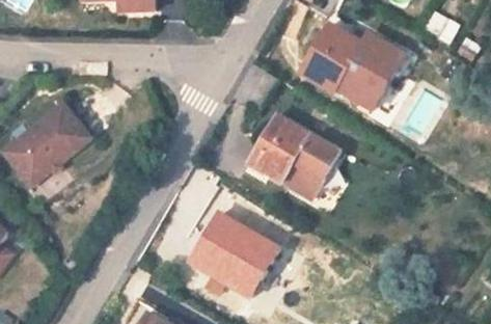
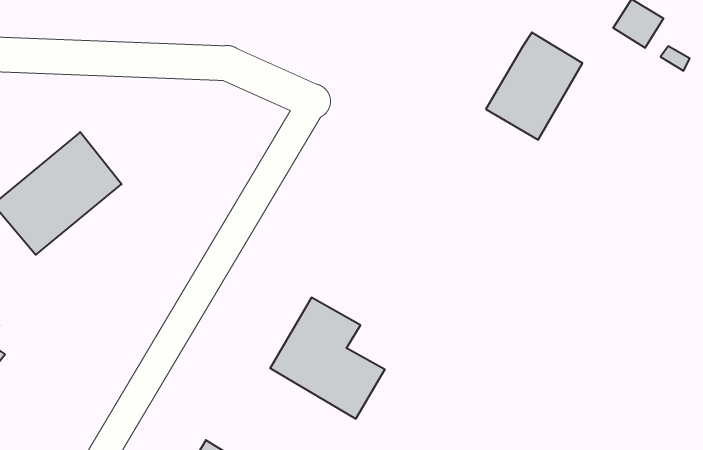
building: [301,24,362,91] -> none
building: [249,113,339,197] -> none

